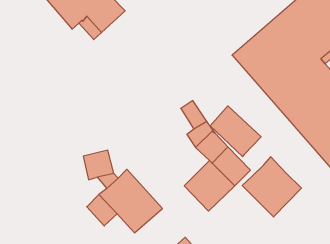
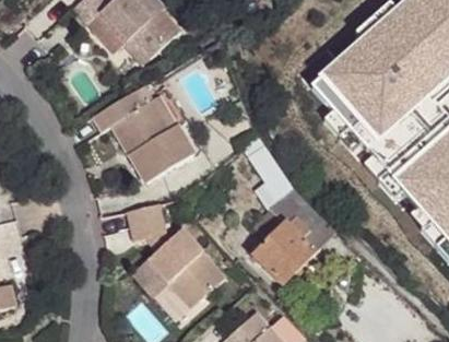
building: none -> [94,91,193,180]
building: [210,106,261,157] -> none
building: [242,157,301,217] -> none

